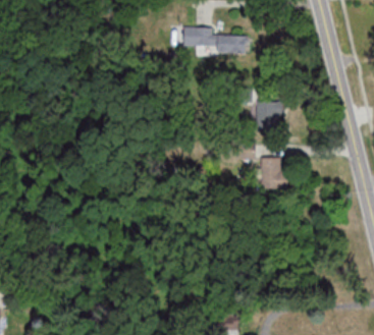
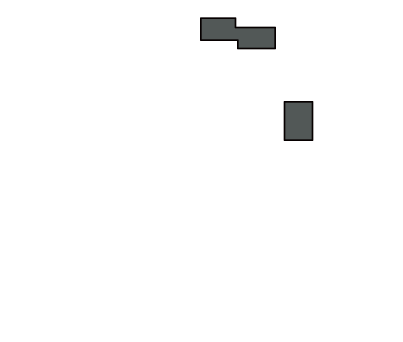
building: [260,157,287,189] -> none

